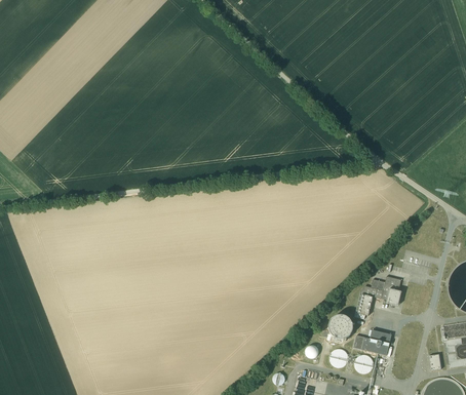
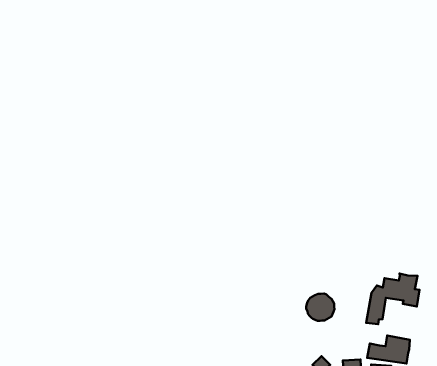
building: [328,313,353,337] -> [306,294,334,321]

